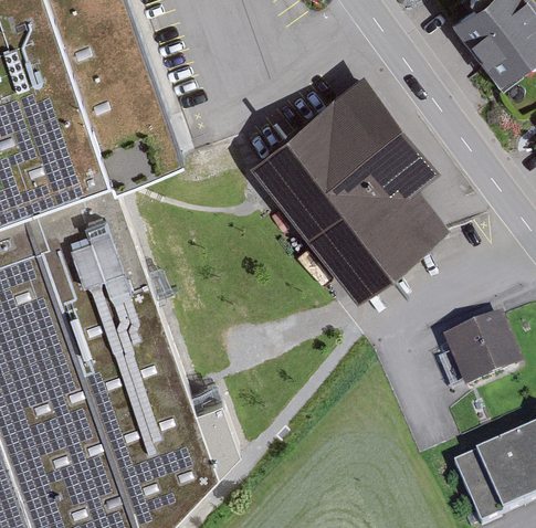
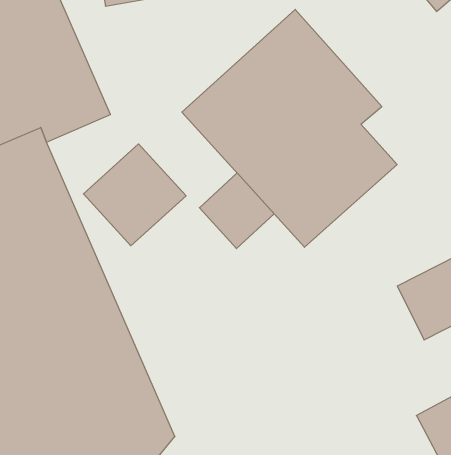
building: none -> [83,144,186,246]
building: none -> [199,173,274,249]

